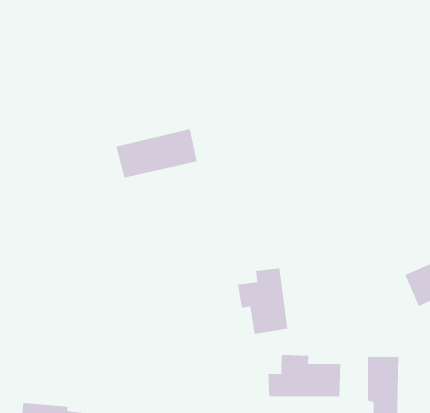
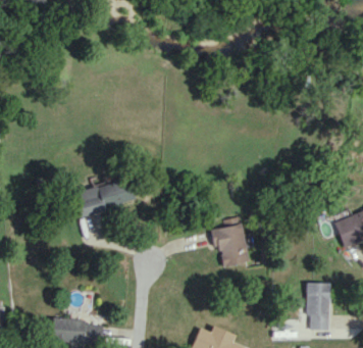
building: [116,128,197,178] -> [74,180,135,216]
building: [268,354,341,397] -> none

